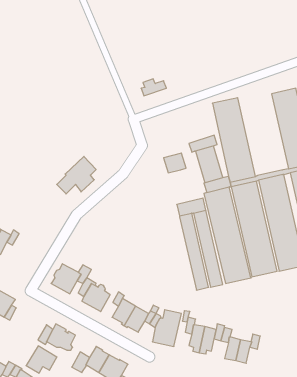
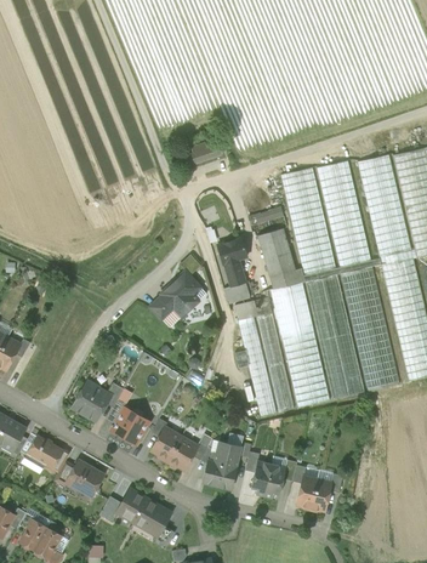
building: none -> [315,160,371,267]
building: [57,156,96,194] -> [149,271,200,319]
building: none -> [223,260,250,303]
building: [26,346,57,373] -> [22,436,62,471]

